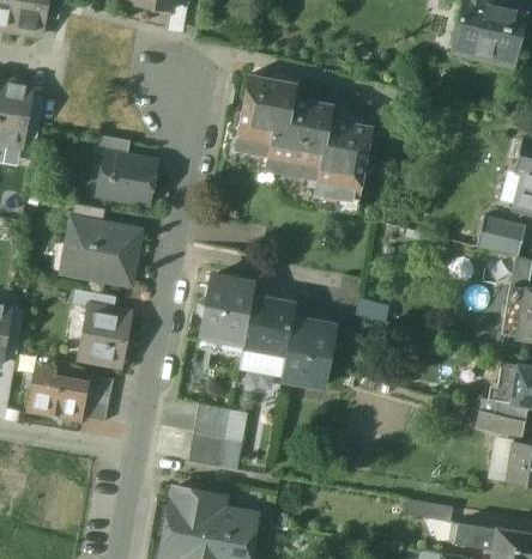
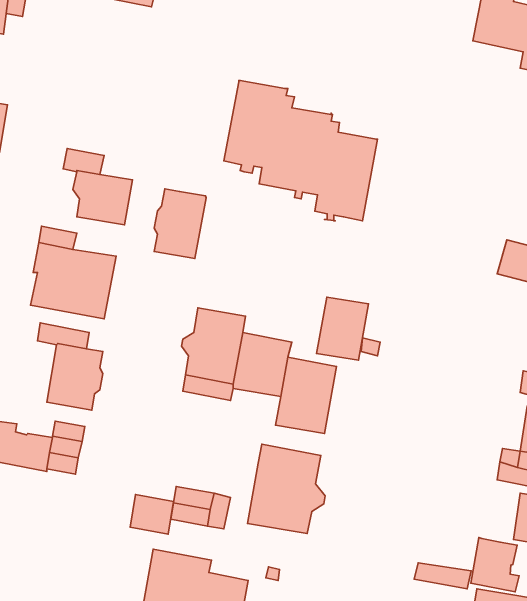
building: none -> [154,189,206,259]
building: none -> [317,297,369,360]
building: none -> [247,444,325,533]
building: [193,403,231,438] -> [130,495,174,534]
building: none -> [471,538,519,592]

